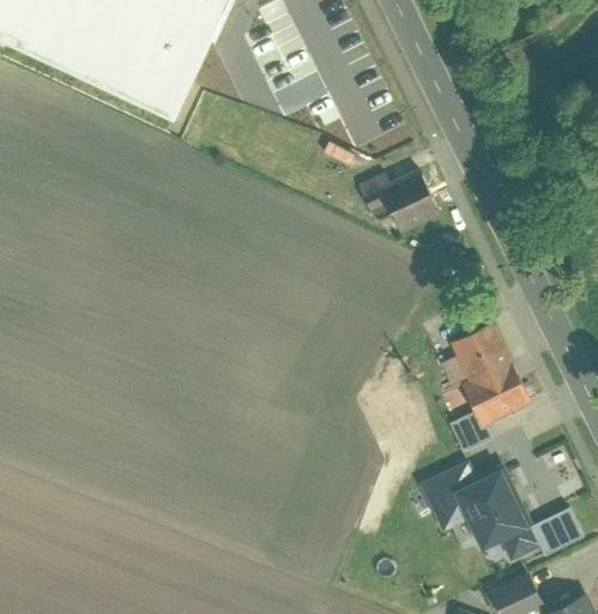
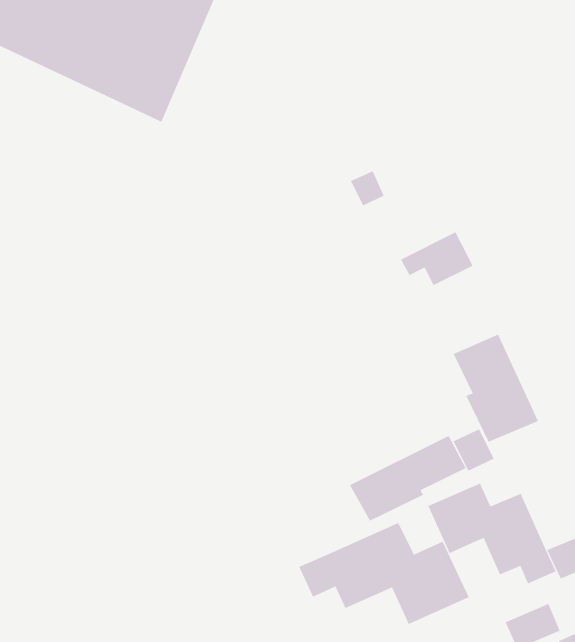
building: [366,187,435,239] -> [400,232,474,286]
building: none -> [349,435,467,521]
building: none -> [298,522,470,625]

